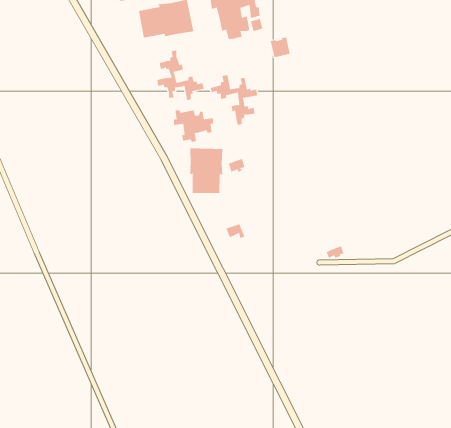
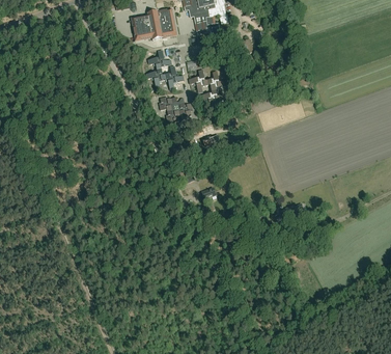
building: [190,148,223,194] -> none

